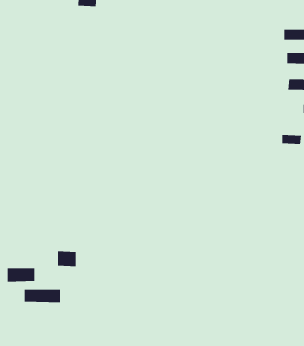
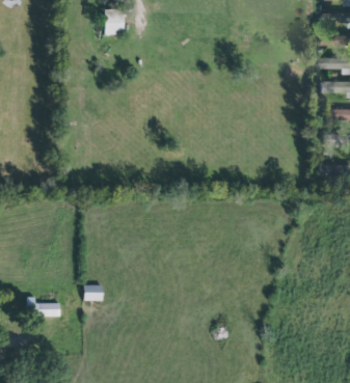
building: [24,289,60,303] -> none

